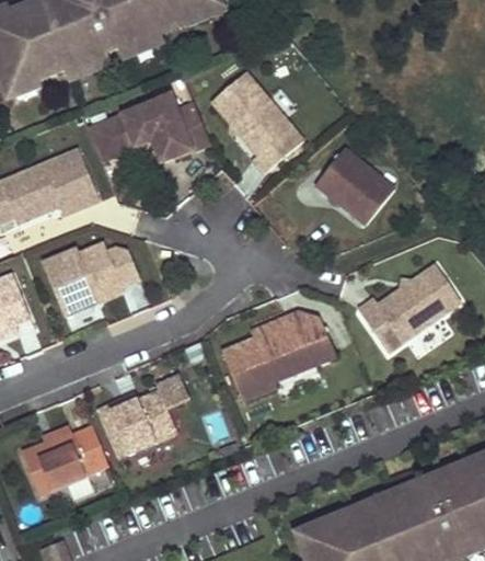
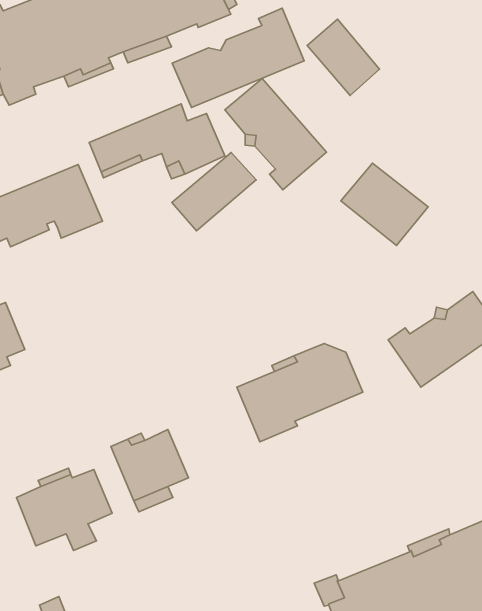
building: none -> [172,8,304,108]
building: none -> [307,19,379,95]
building: none -> [172,153,256,231]
building: [43,242,138,314] -> none

